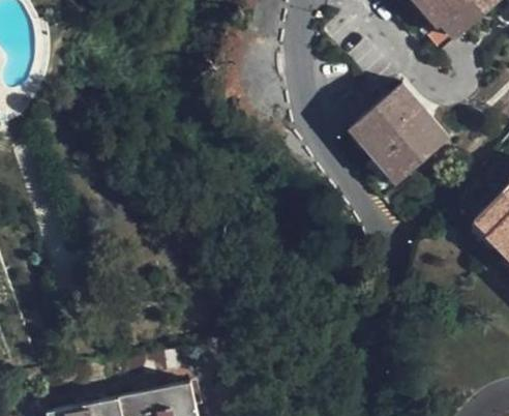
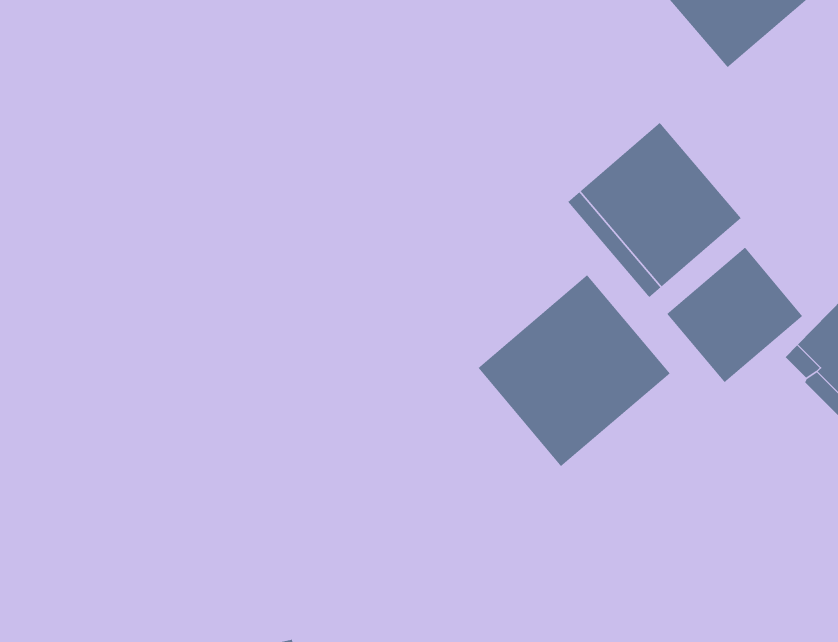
building: none -> [666,247,803,383]
building: none -> [477,274,671,467]

